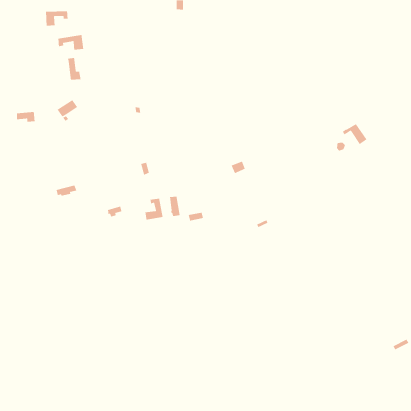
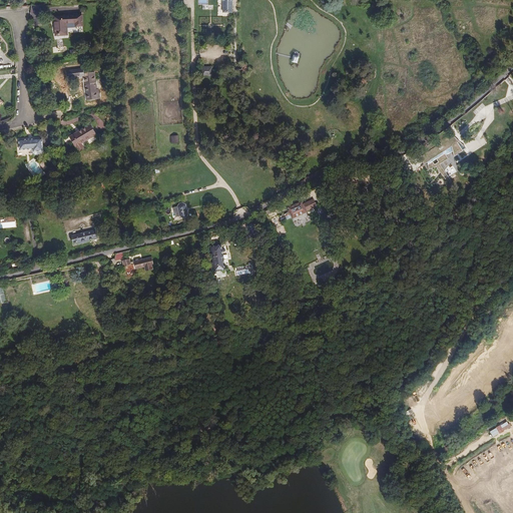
building: [57,34,84,51] -> none
building: [145,198,163,220] -> none

